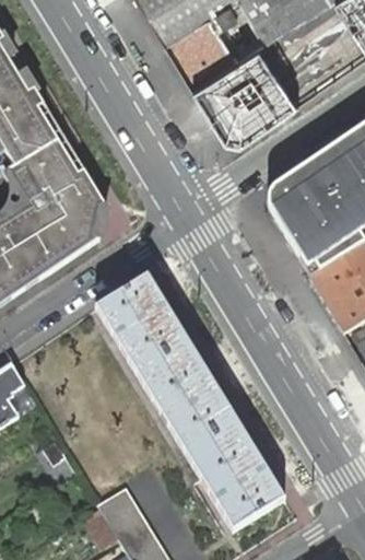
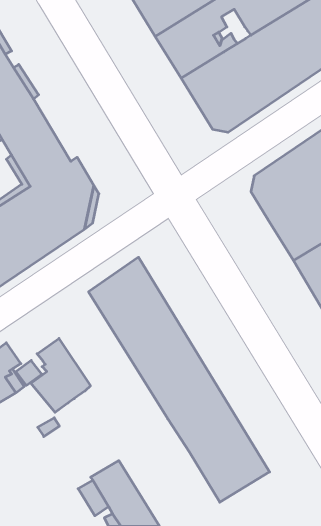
building: none -> [31,338,90,412]

